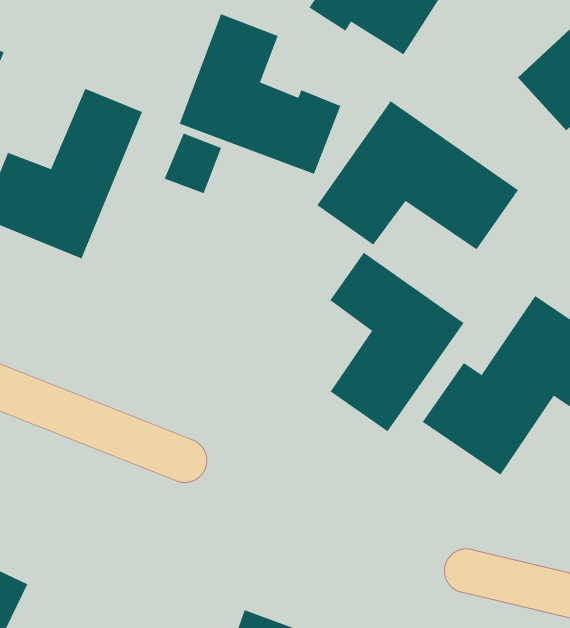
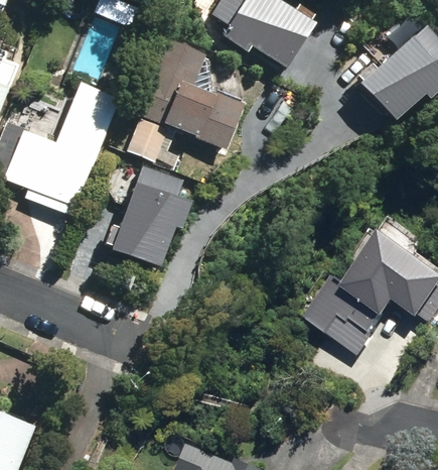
building: [316,100,519,250] -> none
building: none -> [114,167,191,265]
building: [330,252,464,432] -> none

